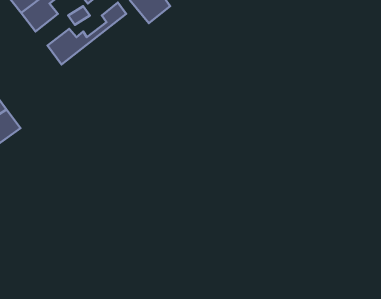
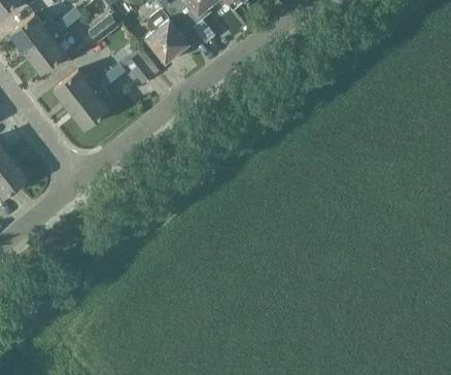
building: none -> [69,52,158,130]

